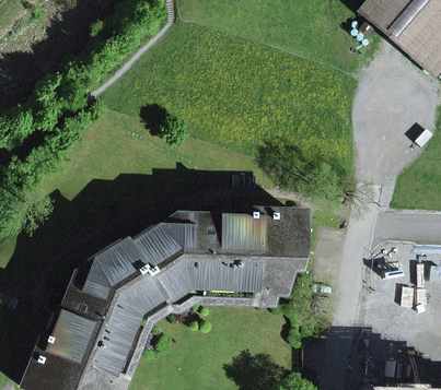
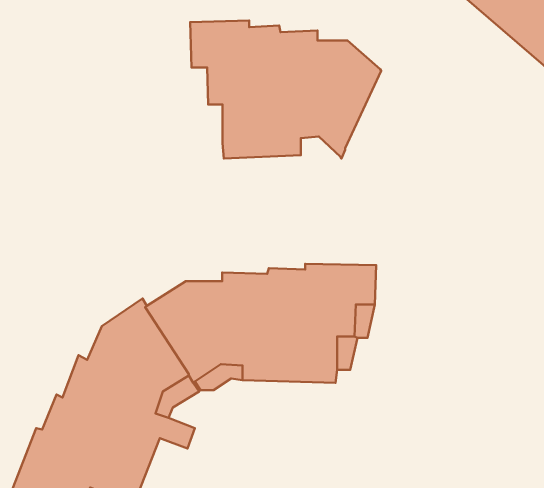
building: none -> [190,20,381,158]

